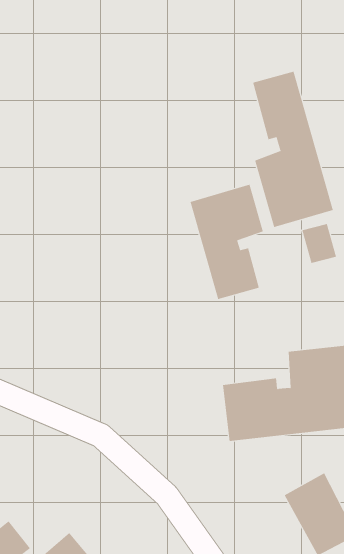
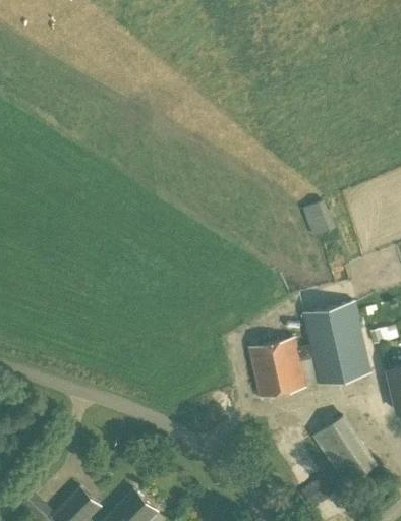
building: [252,71,333,228] -> none
building: [190,184,264,300] -> none

